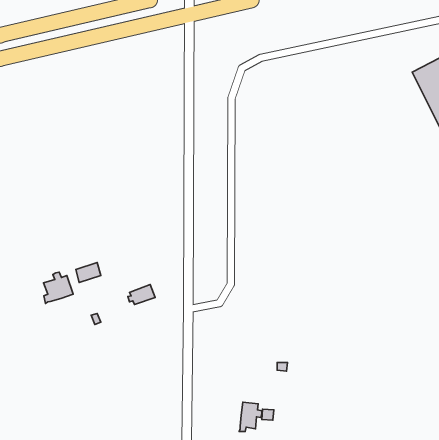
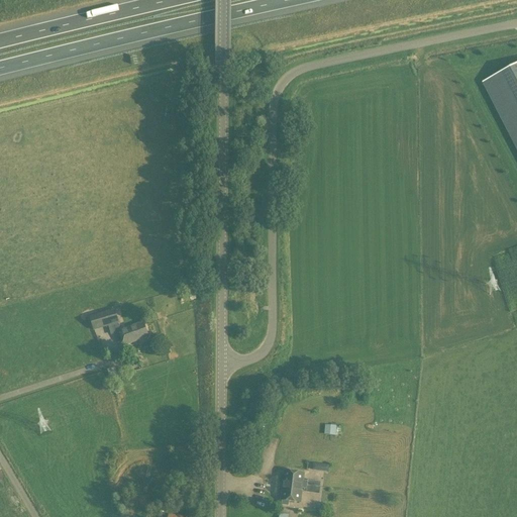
building: [43,272,73,303] -> none
building: [128,285,155,304] -> [117,322,149,345]

